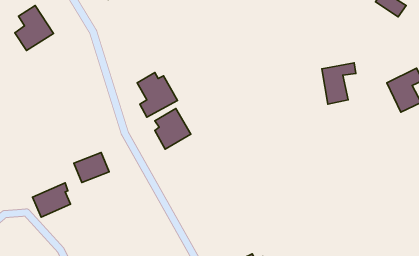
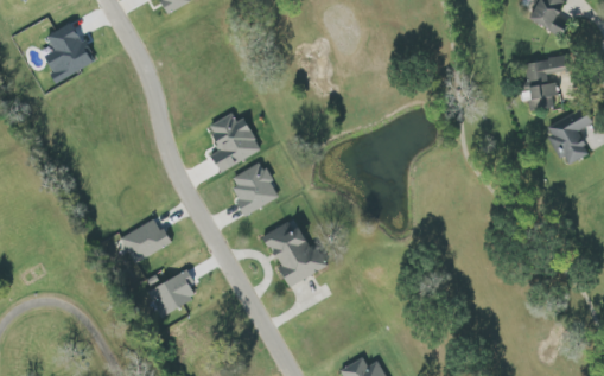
building: [322,63,356,104] -> [523,56,570,111]
building: none -> [263,222,325,286]
building: [33,183,70,217] -> [146,270,197,317]

